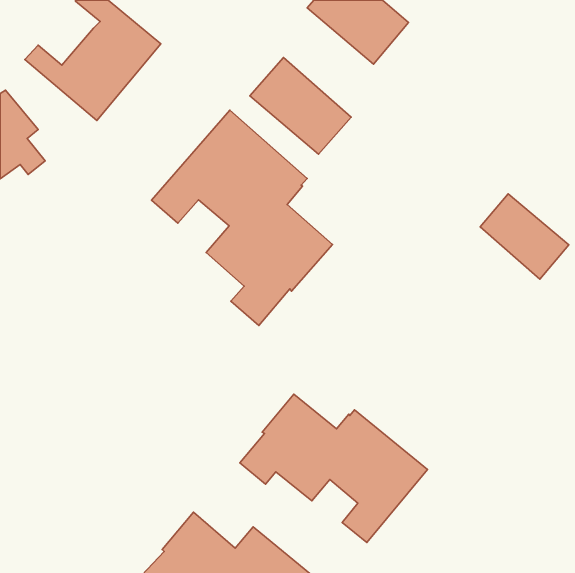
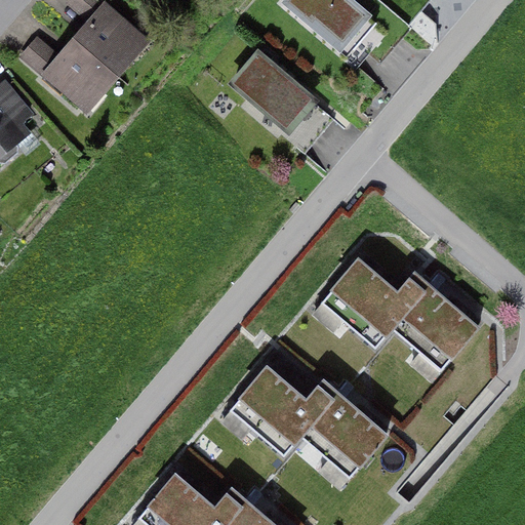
building: [152,110,332,325] -> none
building: [480,194,569,279] -> none
building: none -> [313,253,482,382]

